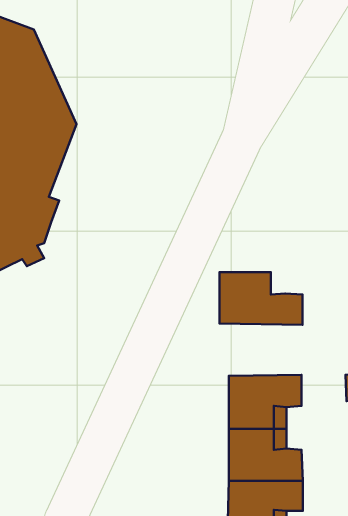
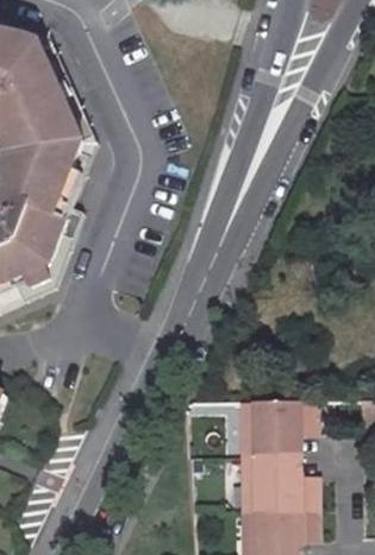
building: [220,272,302,325] -> none

